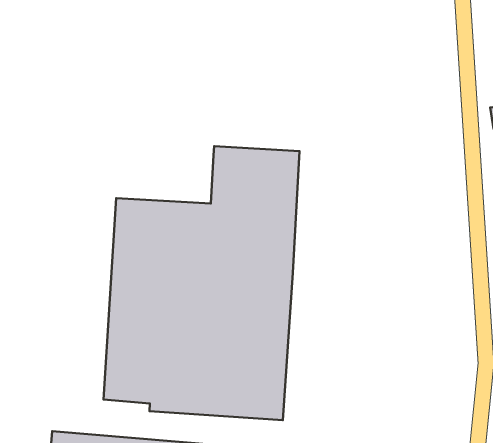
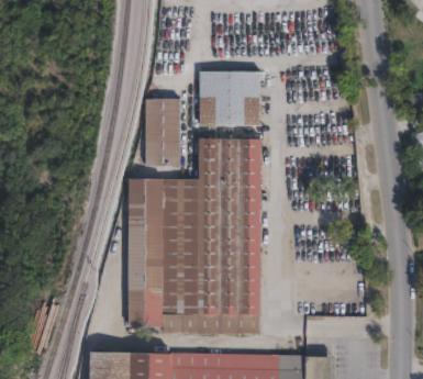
building: none -> [192,75,260,126]
building: none -> [145,99,179,167]

